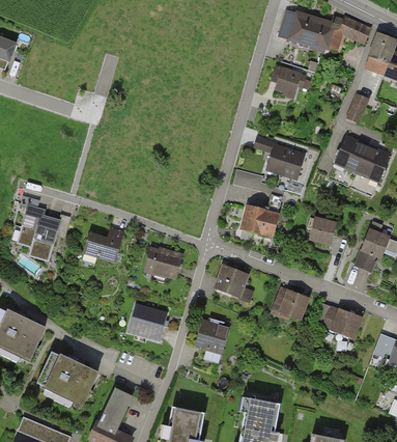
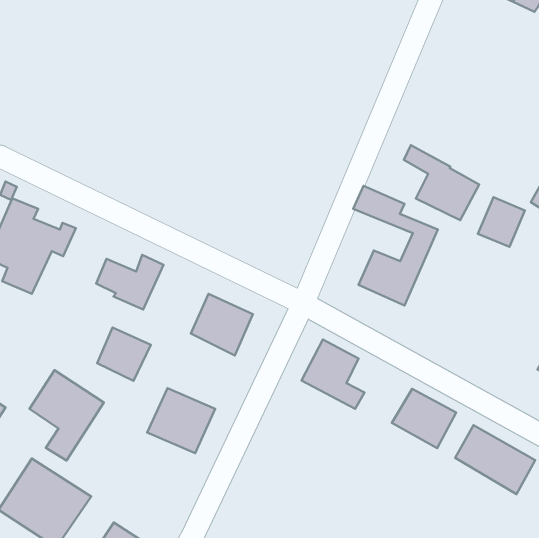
building: [272,66,310,96] -> none
building: [310,213,336,241] -> [478,197,525,247]
building: none -> [97,327,151,381]
building: none -> [29,370,104,460]
building: [195,317,229,353] -> none

